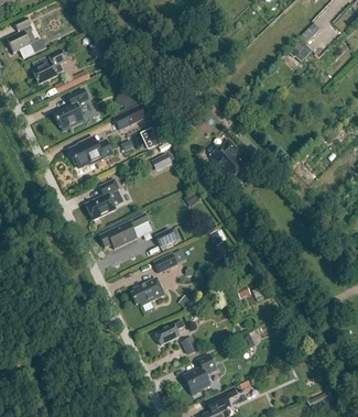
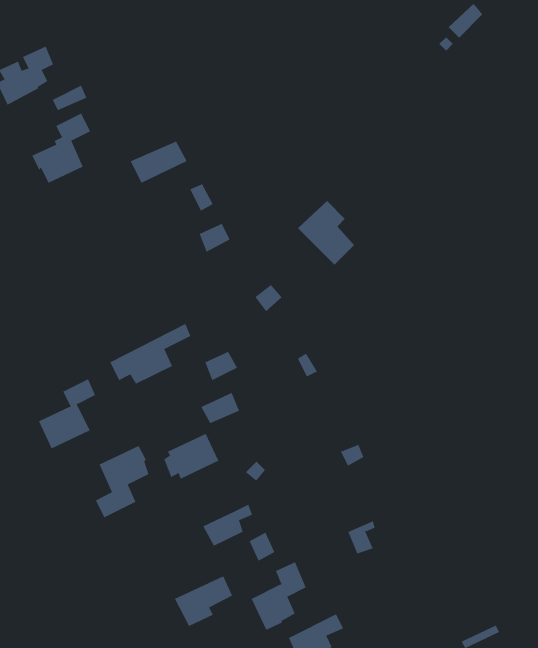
building: [70,135,113,167] -> none
building: [86,178,120,220] -> [38,378,96,449]
building: none -> [95,445,149,518]
building: none -> [174,575,233,627]

